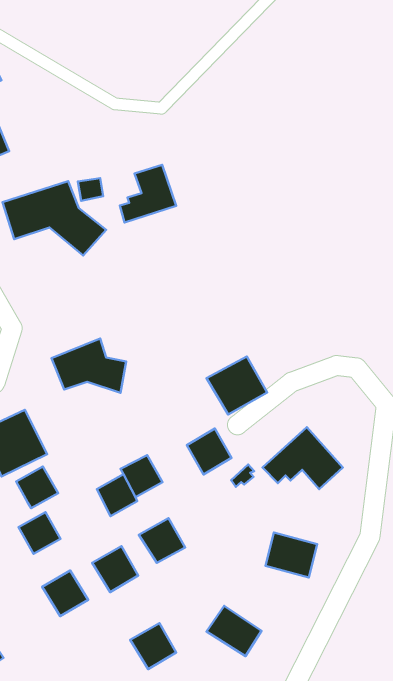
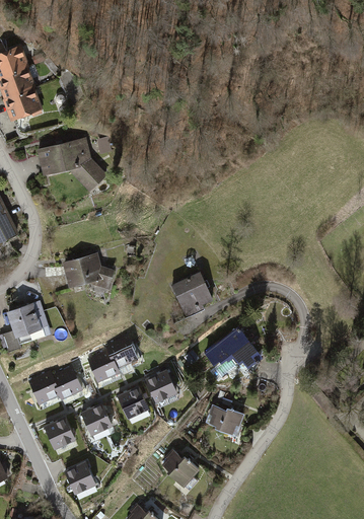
building: [120,165,176,223] -> none
building: [187,429,232,475] -> [143,370,174,402]
building: [16,466,58,508] -> [50,369,79,398]
building: [130,623,176,669] -> [61,460,93,493]

